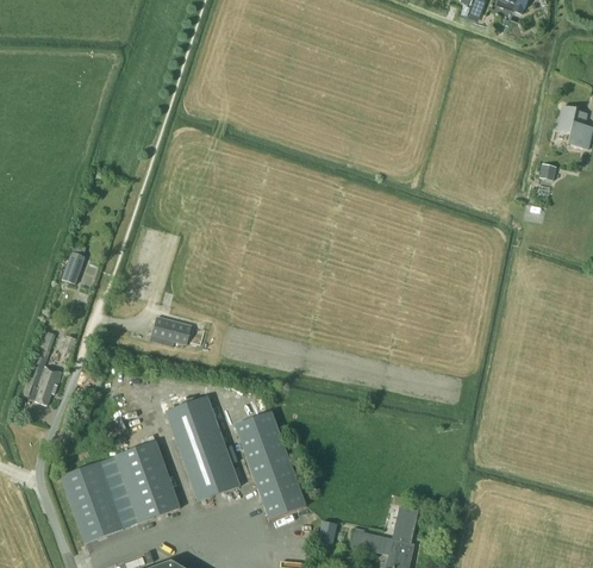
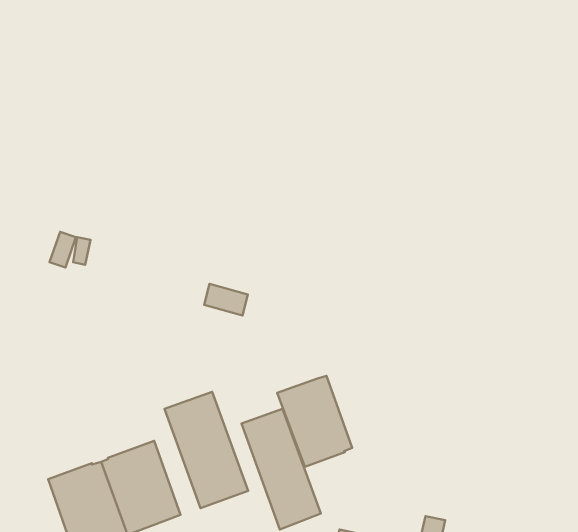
building: [152,317,192,345] -> [204,284,248,316]
building: [24,331,63,406] -> none
building: none -> [277,376,352,467]

